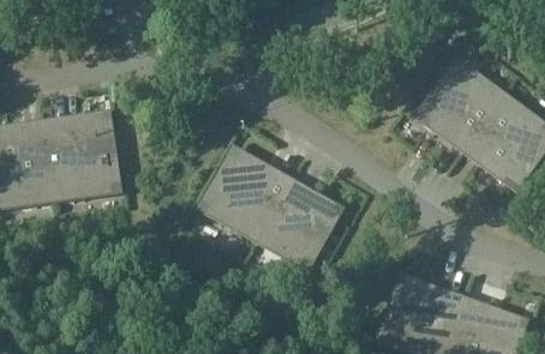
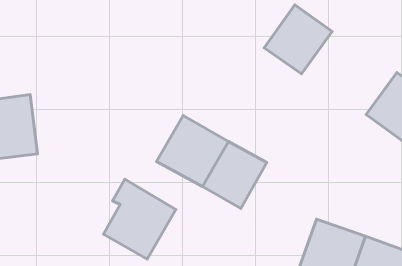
building: [419,60,504,146] -> [264,5,332,74]
building: [44,113,116,196] -> none
building: none -> [103,179,176,259]

